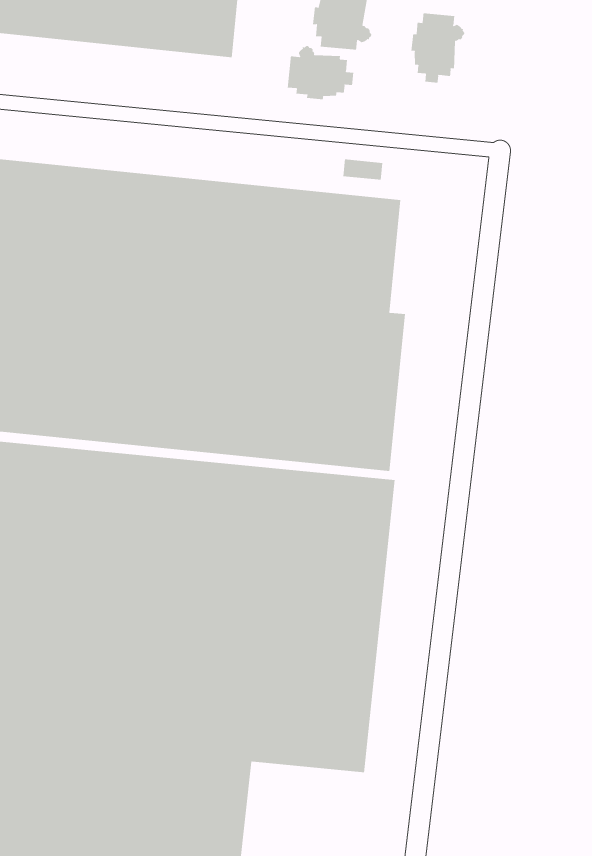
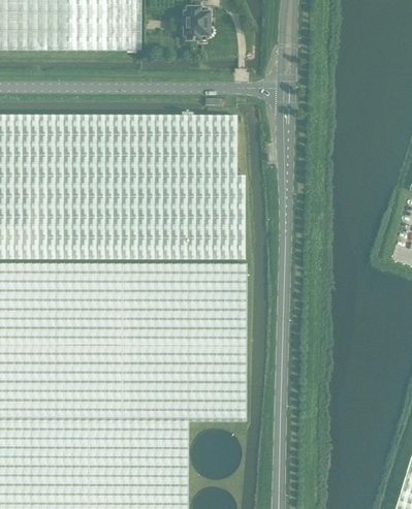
building: [411,13,465,83] -> none
building: [287,45,354,100] -> none

